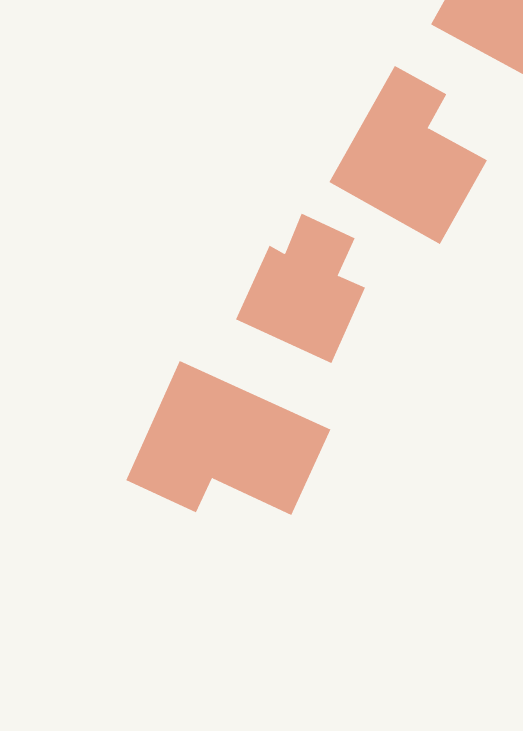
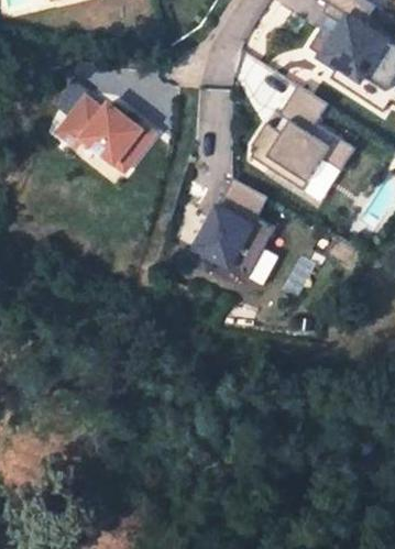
building: none -> [57,87,155,175]
building: [126,360,331,516] -> none

